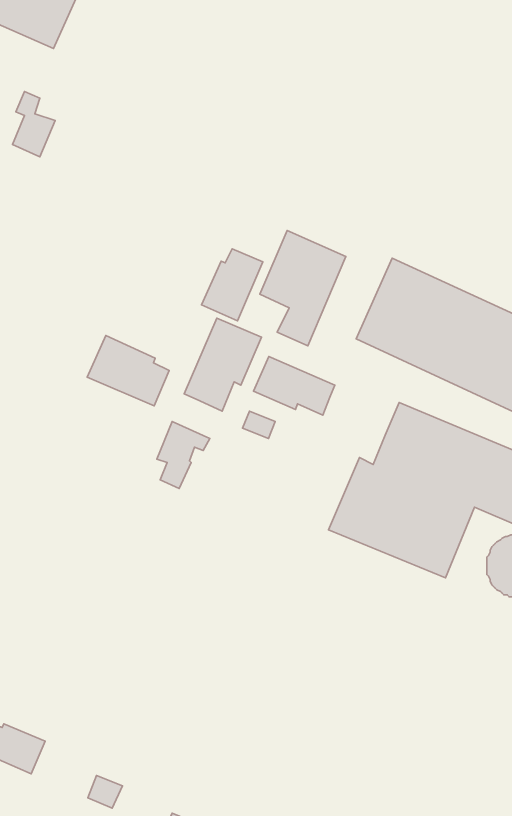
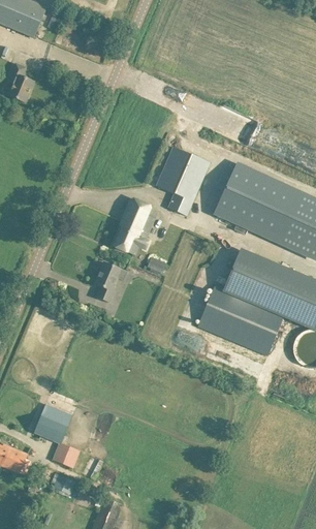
building: [202,249,263,321] -> none
building: [87,336,169,406] -> none
building: [254,357,335,415] -> none
building: none -> [34,405,78,468]

